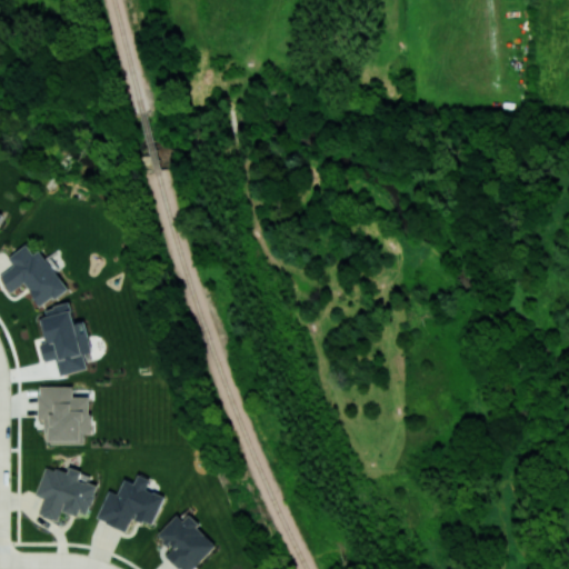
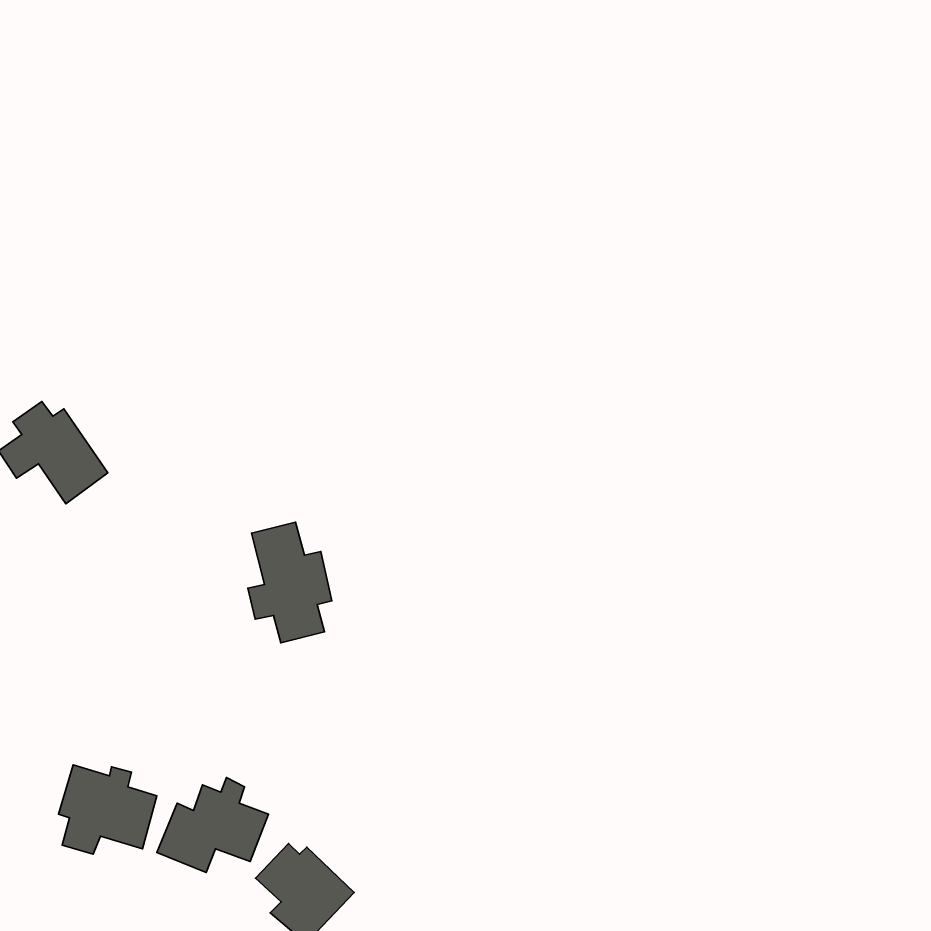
building: [40,303,91,377] -> [248,522,332,643]
building: [38,386,90,441] -> none

